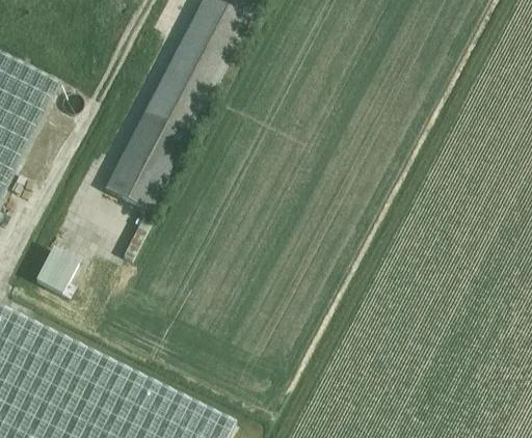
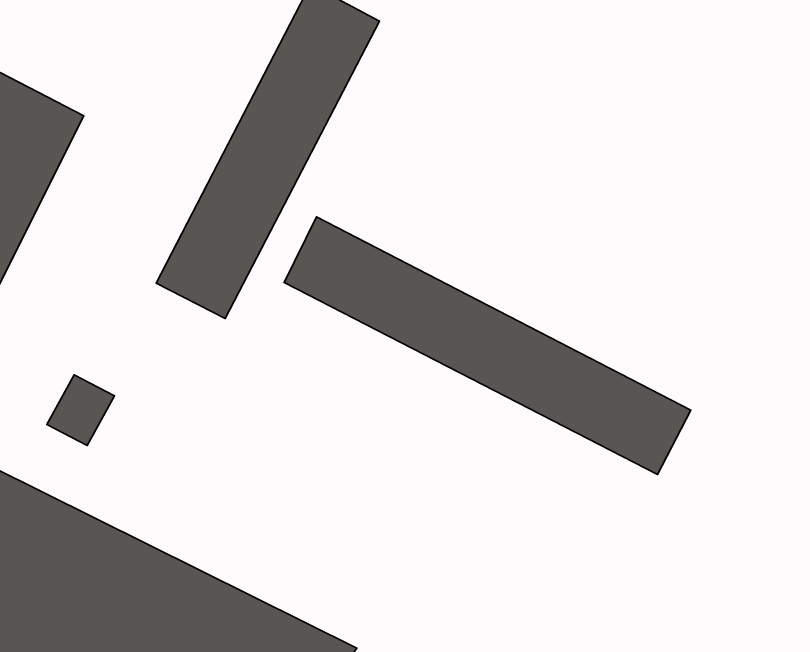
building: none -> [284,217,691,474]

